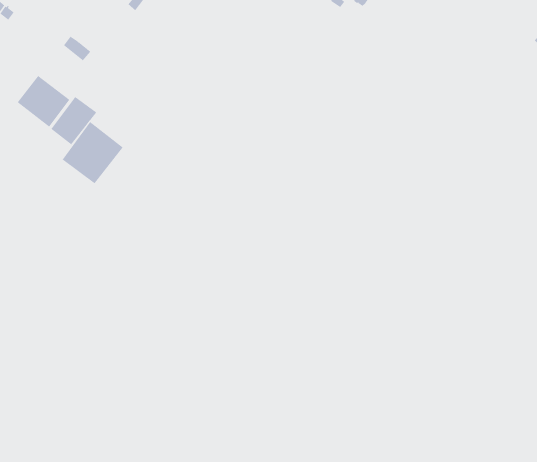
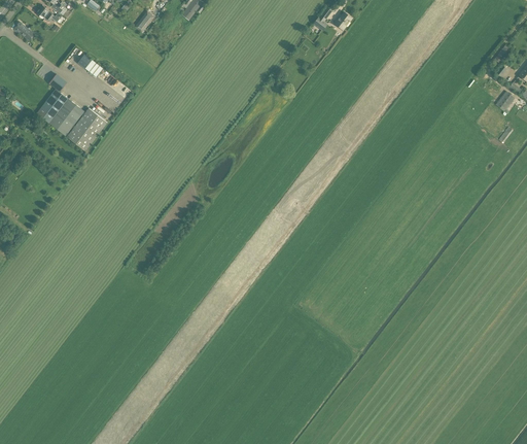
building: [62,121,123,184] -> none

